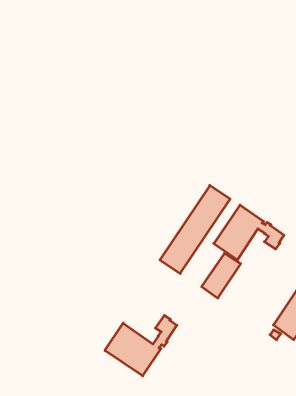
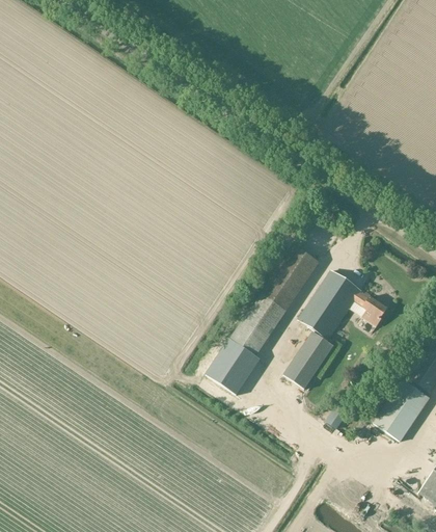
building: none -> [205,340,258,395]
building: [105,315,177,376] -> none

